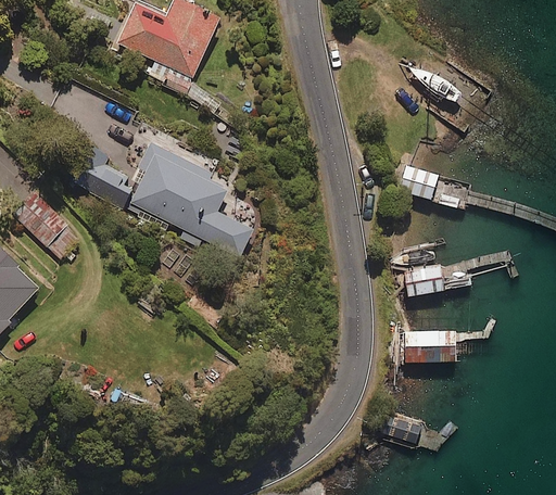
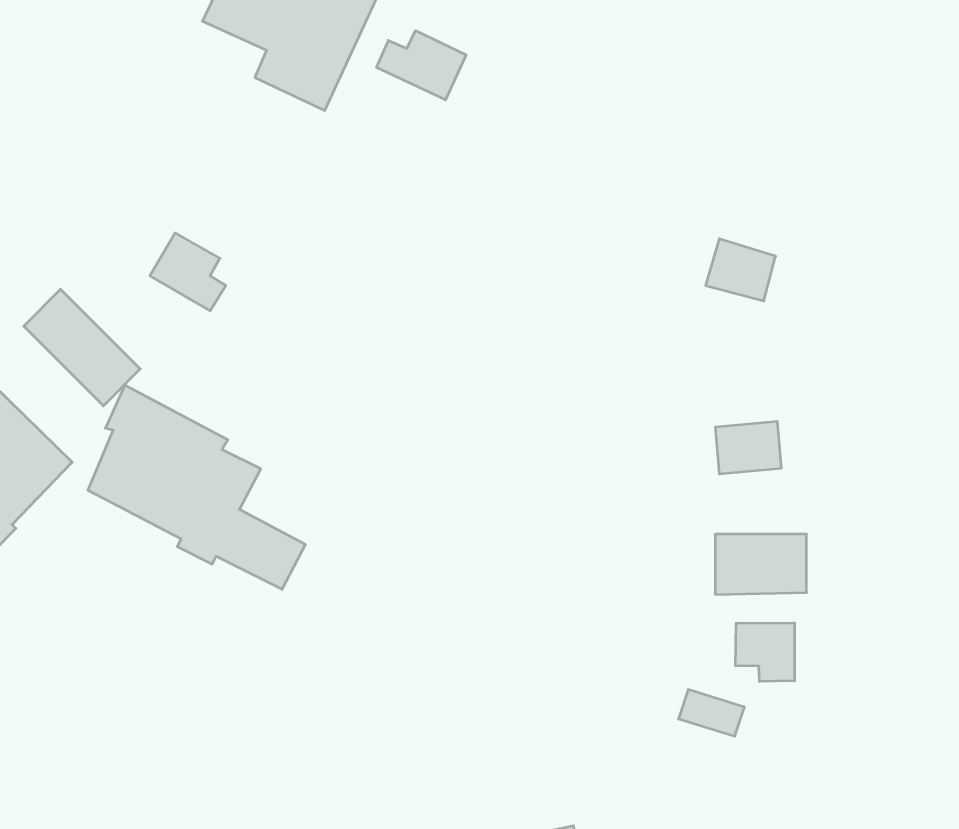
building: none -> [377,31,466,100]
building: [129,144,251,258] -> [88,385,305,589]
building: none -> [736,623,794,682]

